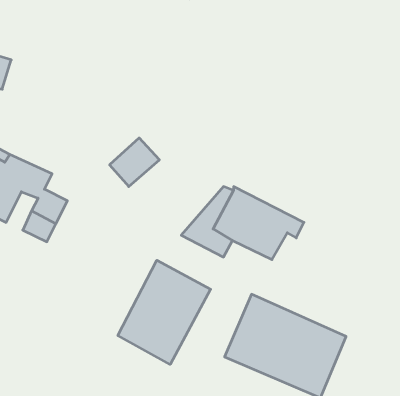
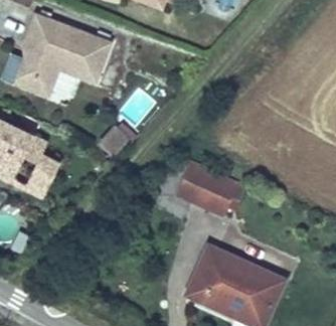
building: none -> [19,18,116,101]
building: [118,260,211,364] -> none

